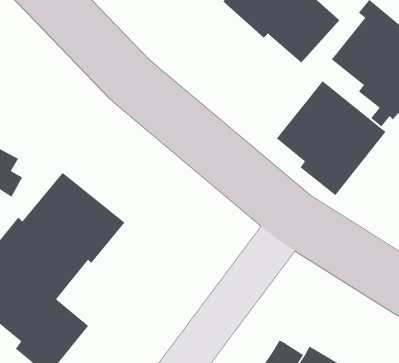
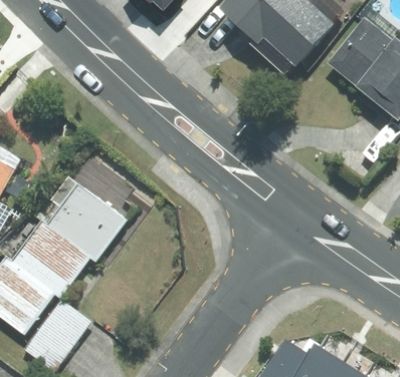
building: [276,80,387,196] -> none

